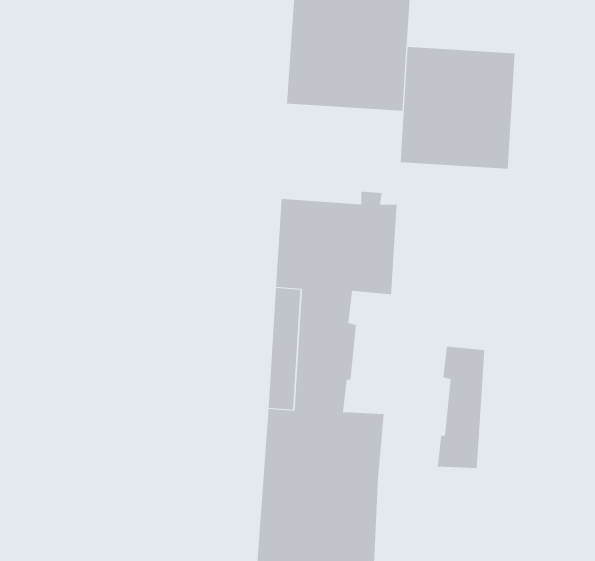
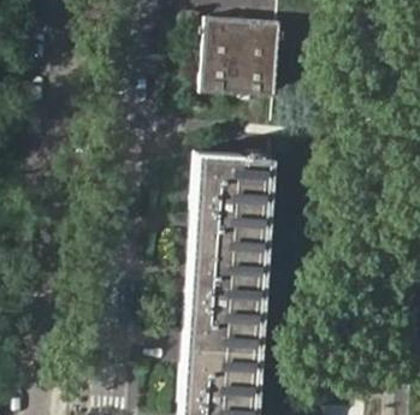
building: [400,46,515,170] -> none
building: [437,346,485,469] -> [238,212,270,291]

